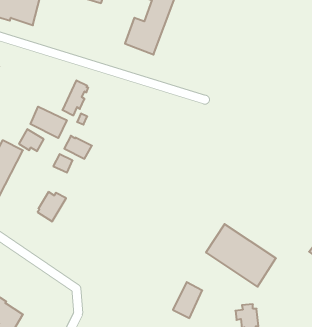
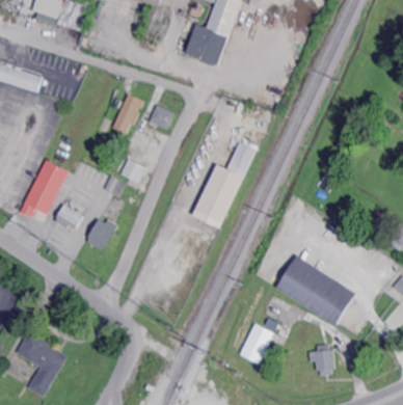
building: none -> [147,106,174,130]
building: [30,107,67,138] -> none
building: none -> [193,147,253,228]
building: [19,129,44,151] -> [53,206,81,231]

